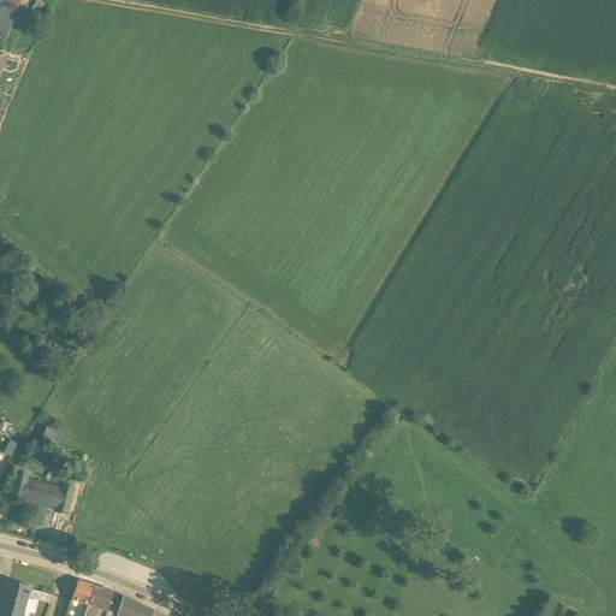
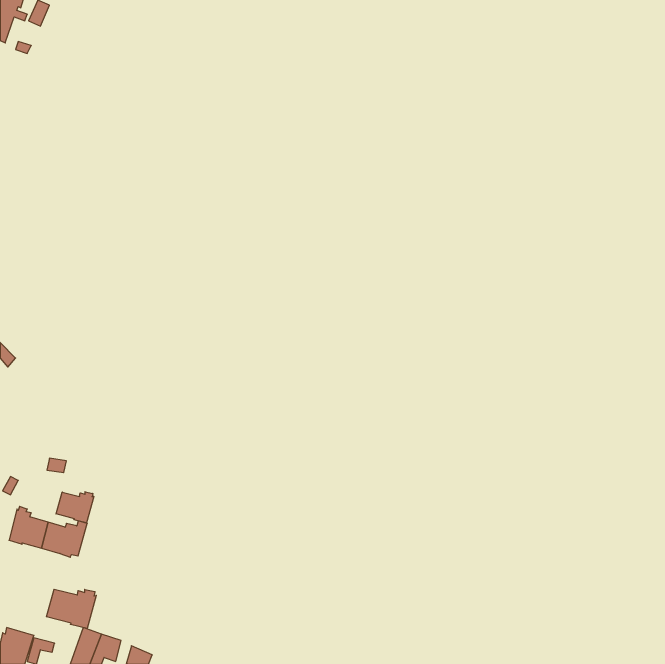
building: none -> [56,492,94,523]
building: none -> [46,589,96,628]

